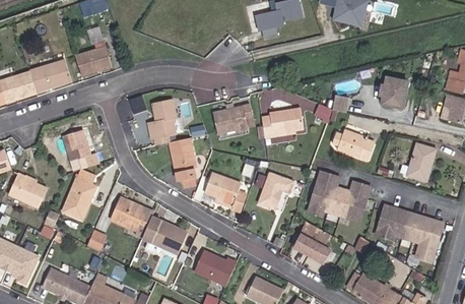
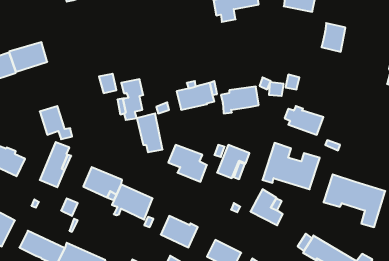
building: [75,46,112,75] -> none
building: [381,78,407,110] -> [321,23,345,52]
building: [407,142,437,180] -> none

